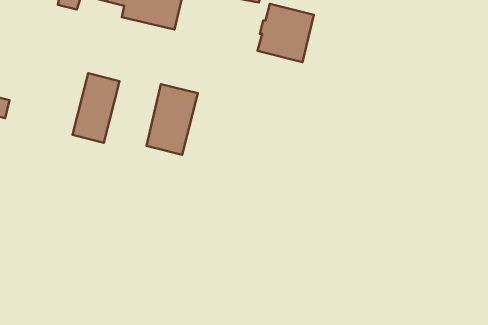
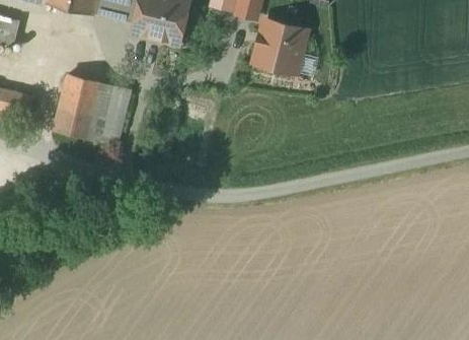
building: [146,84,198,155] -> [55,72,101,136]

